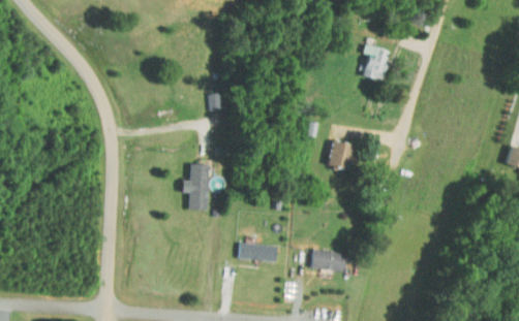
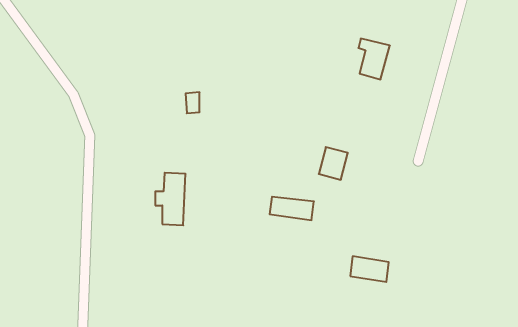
building: [238,242,277,262] -> [270,197,314,220]
building: [311,249,345,271] -> [350,256,389,282]

